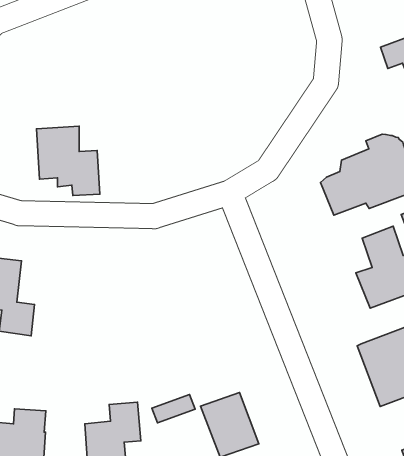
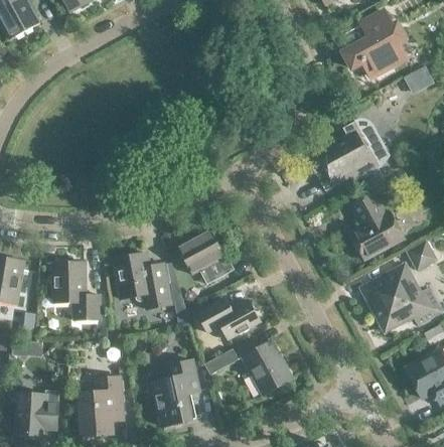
building: [37,126,100,195] -> [114,252,171,307]
building: none -> [178,229,226,283]
building: none -> [198,299,261,338]

